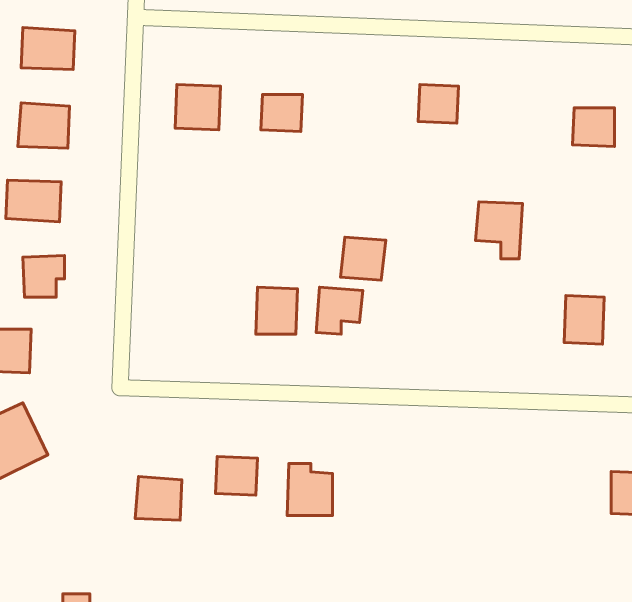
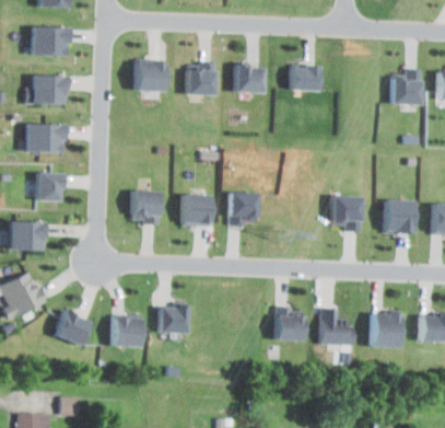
building: none -> [235,66,261,91]
building: [476,202,523,259] -> [329,195,360,232]
building: [340,237,386,280] -> none
building: none -> [130,192,159,225]
building: none -> [320,310,354,344]
building: [287,464,333,515] -> [273,306,303,340]
building: none -> [56,311,91,346]
building: none -> [370,313,399,348]

